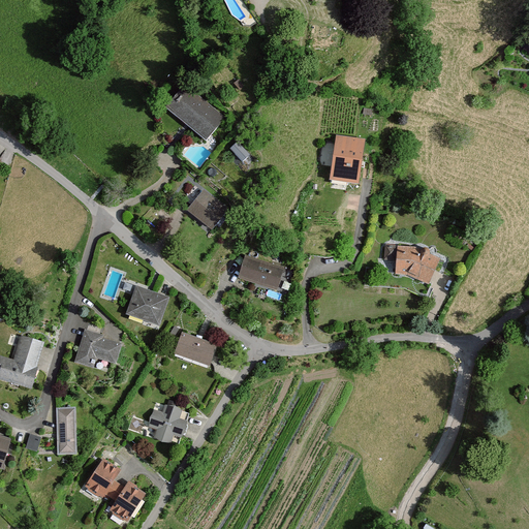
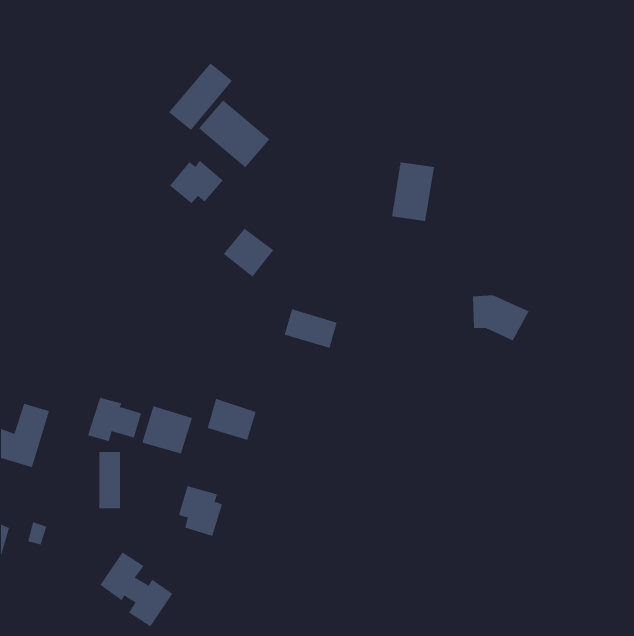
building: none -> [168,63,233,131]
building: none -> [169,160,223,204]
building: [126,285,168,325] -> [142,406,193,454]
building: [56,407,74,455] -> [98,451,121,509]

